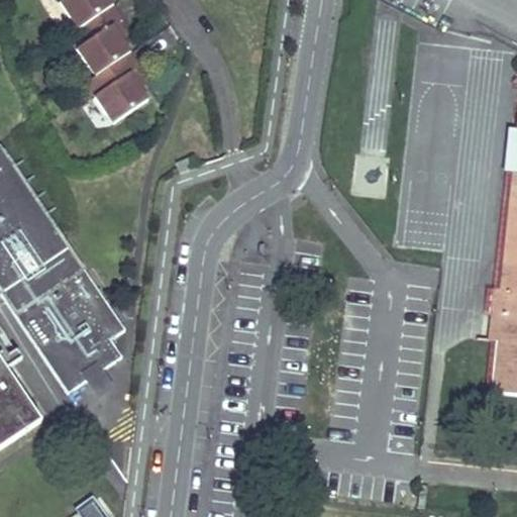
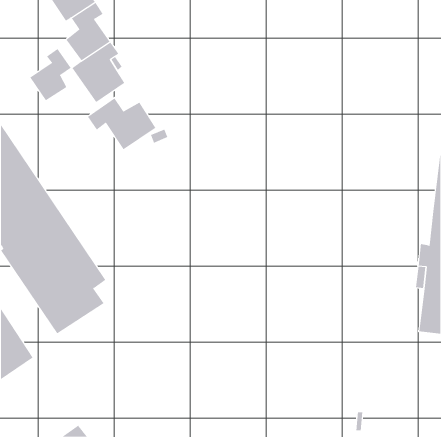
building: none -> [29,48,72,101]
building: none -> [87,97,156,150]

